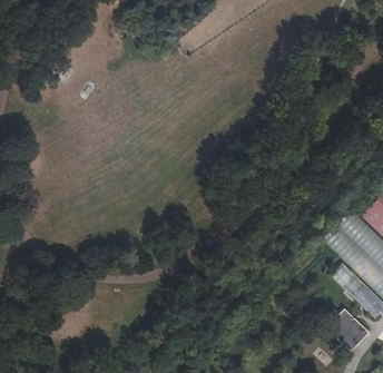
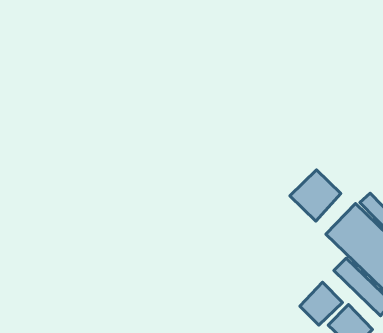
building: none -> [290,170,341,221]
building: none -> [300,282,343,325]

